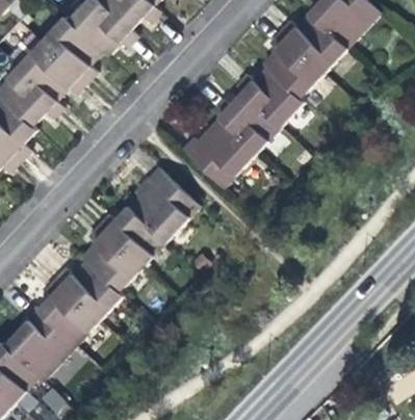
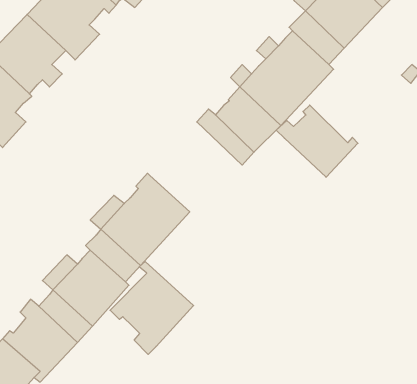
building: none -> [276,105,358,177]
building: [139,168,197,230] -> none
building: none -> [110,262,194,354]

